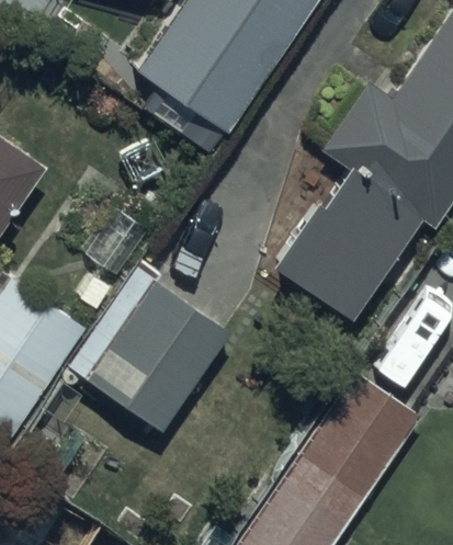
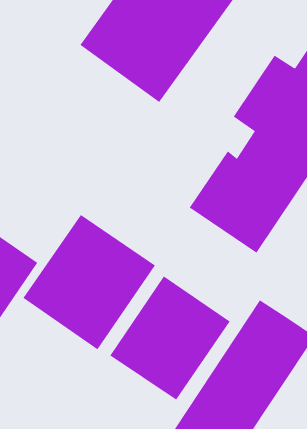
building: none -> [110,276,230,401]

